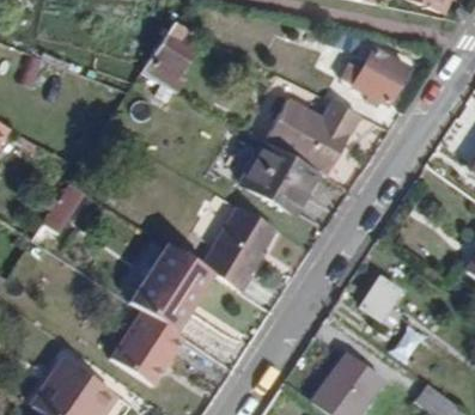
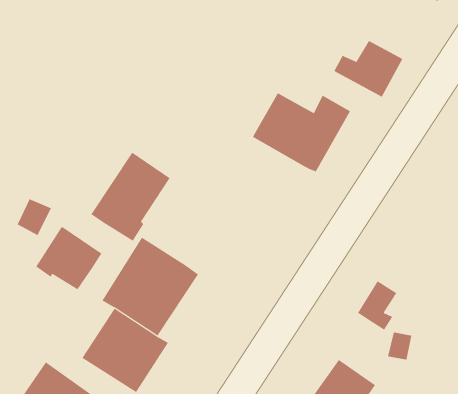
building: [142,22,195,91] -> none
building: [242,141,317,212] -> none
building: [201,205,278,291] -> [91,152,170,242]
building: none -> [36,226,102,290]

